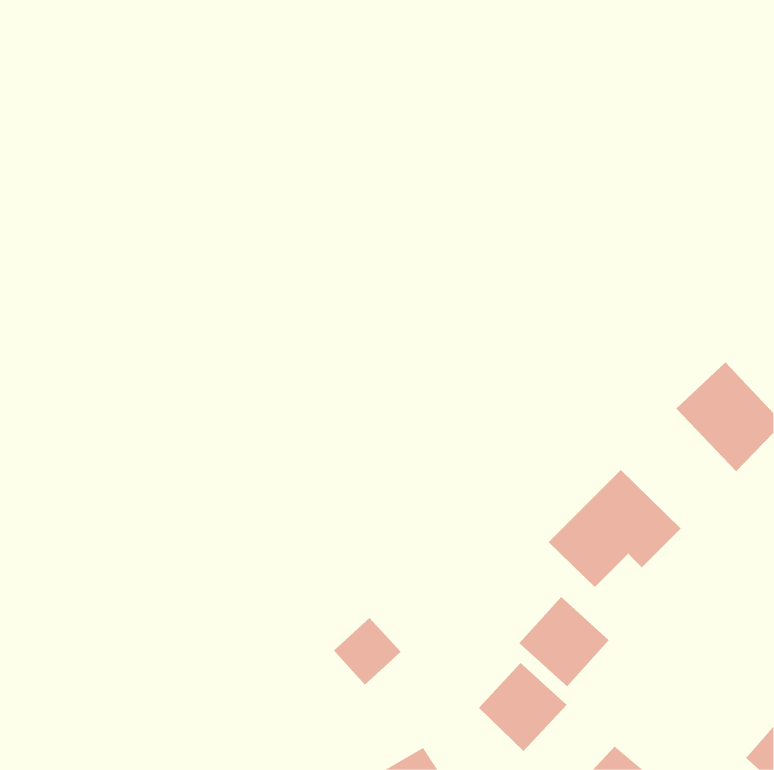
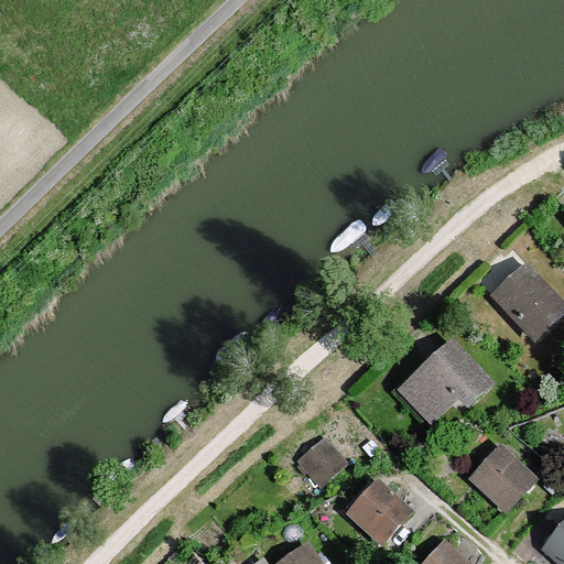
building: [519,596,610,687] -> [469,446,535,512]
building: [333,617,401,685] -> [297,435,347,485]

